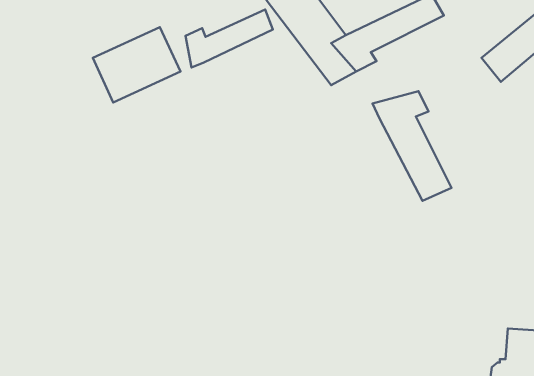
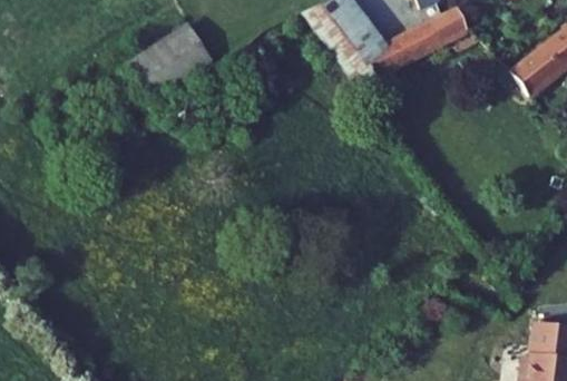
building: [186,10,273,68] -> none
building: [373,91,452,201] -> none

